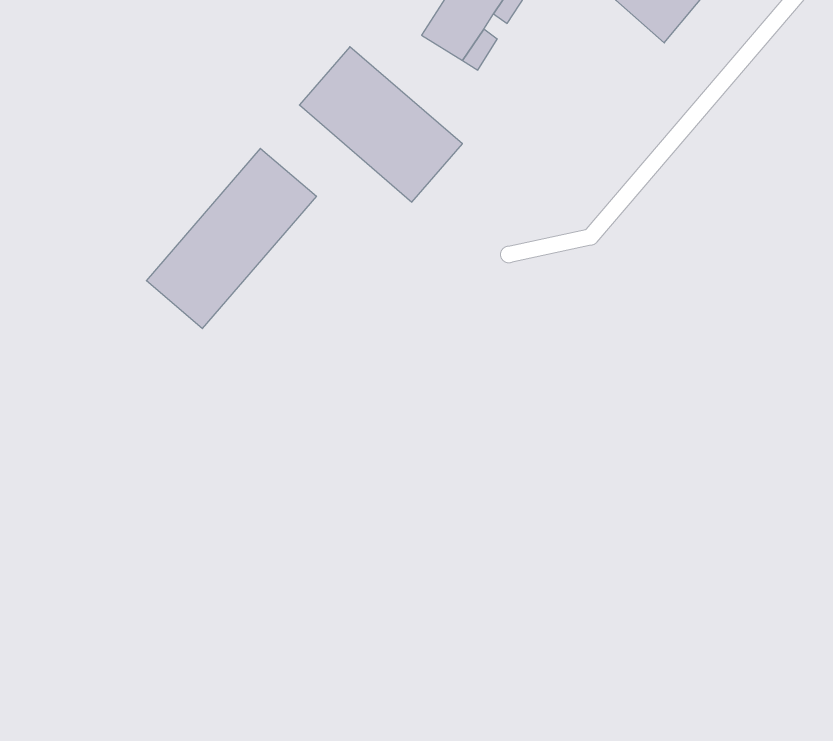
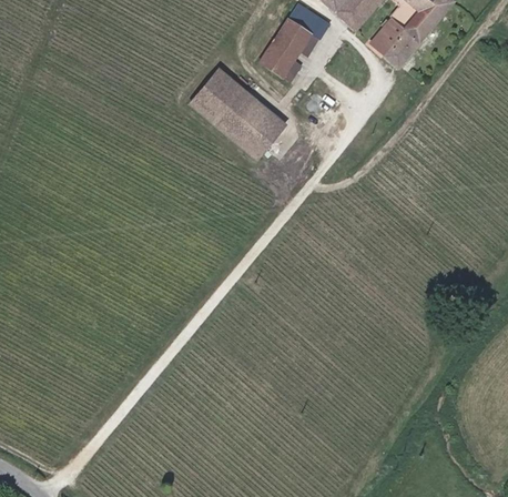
building: [146,148,316,329] -> none

